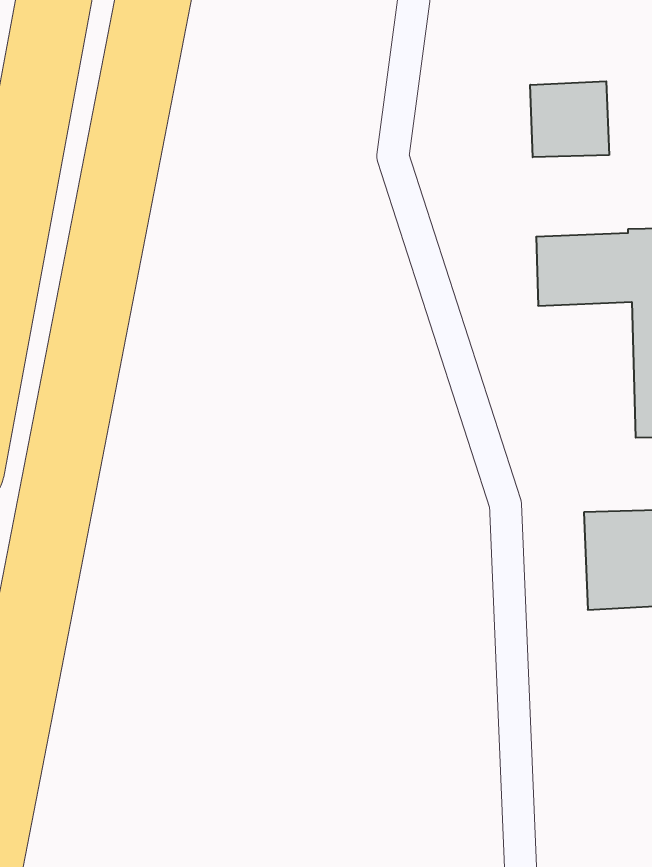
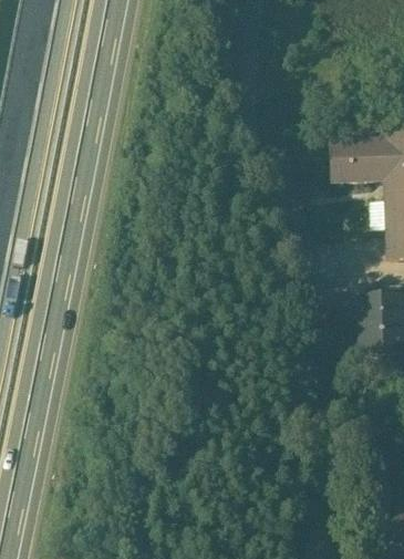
building: [530,81,609,157] -> none

